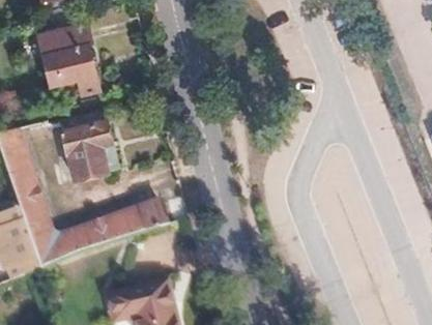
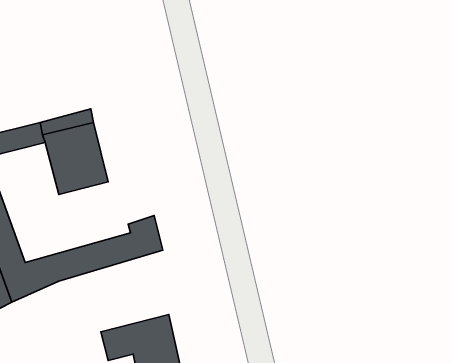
building: [37,26,97,95] -> none

